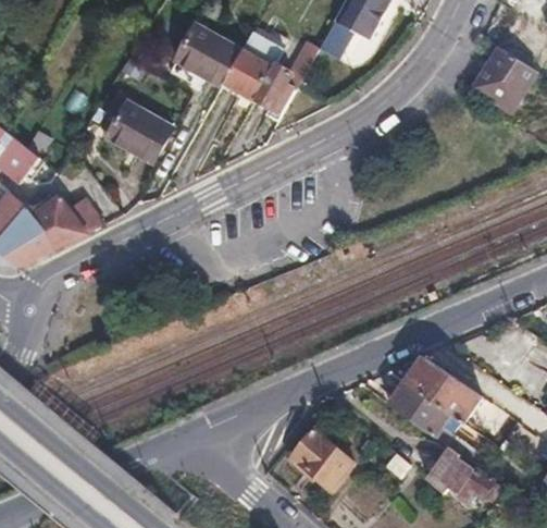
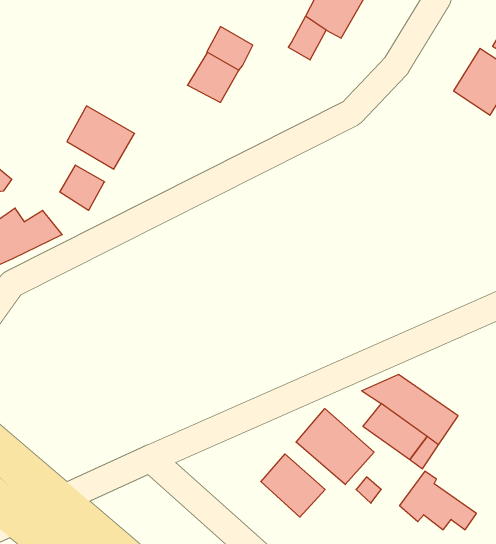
building: [176,26,240,84] -> none
building: [253,34,321,113] -> none
building: none -> [60,165,105,210]
building: none -> [296,409,374,485]

